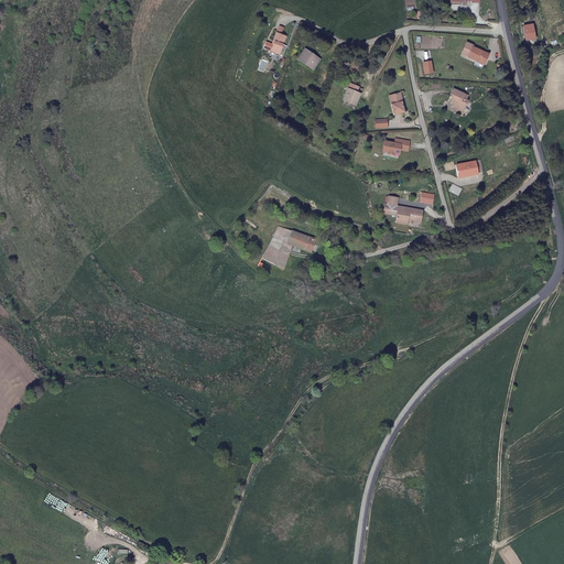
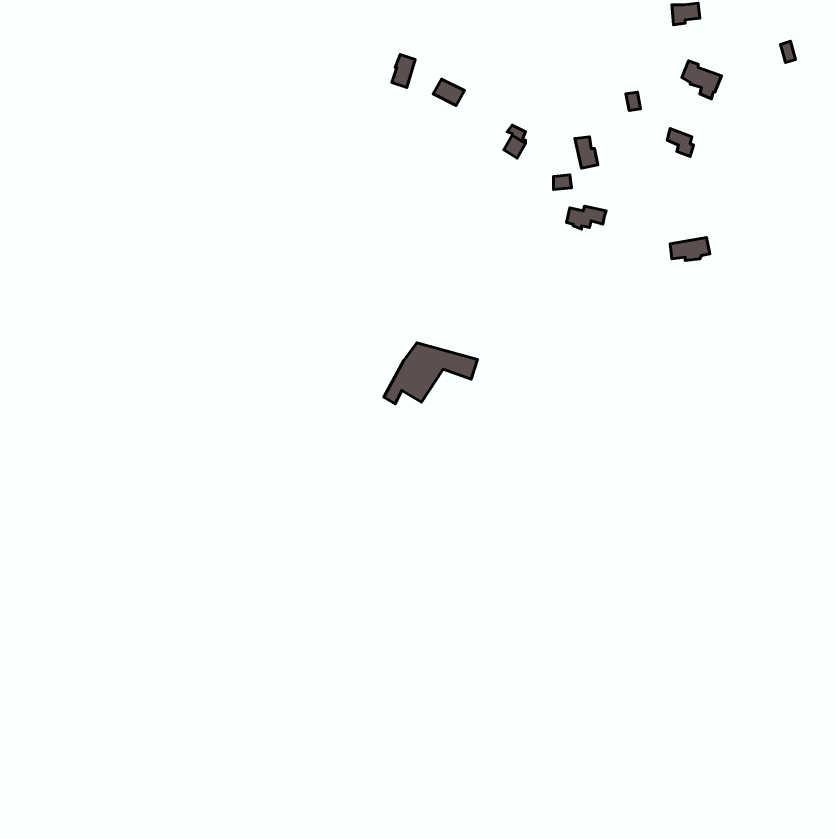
building: [382,193,420,223] -> none

